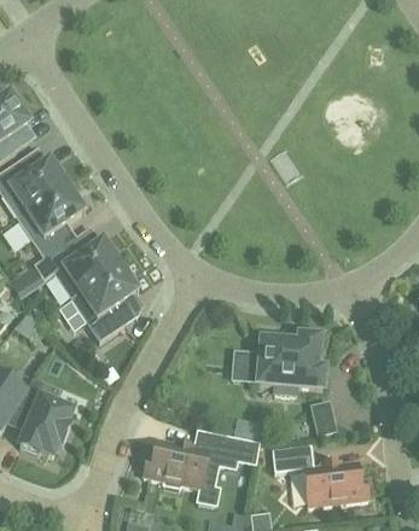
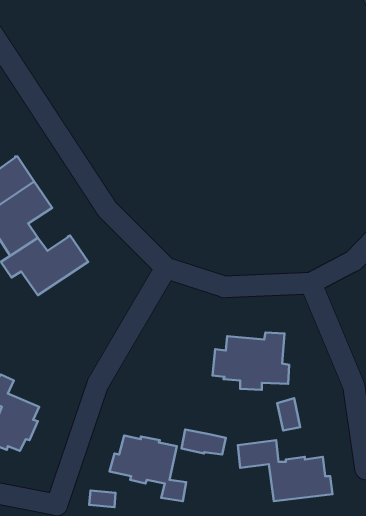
building: [70,264,138,342] -> none

